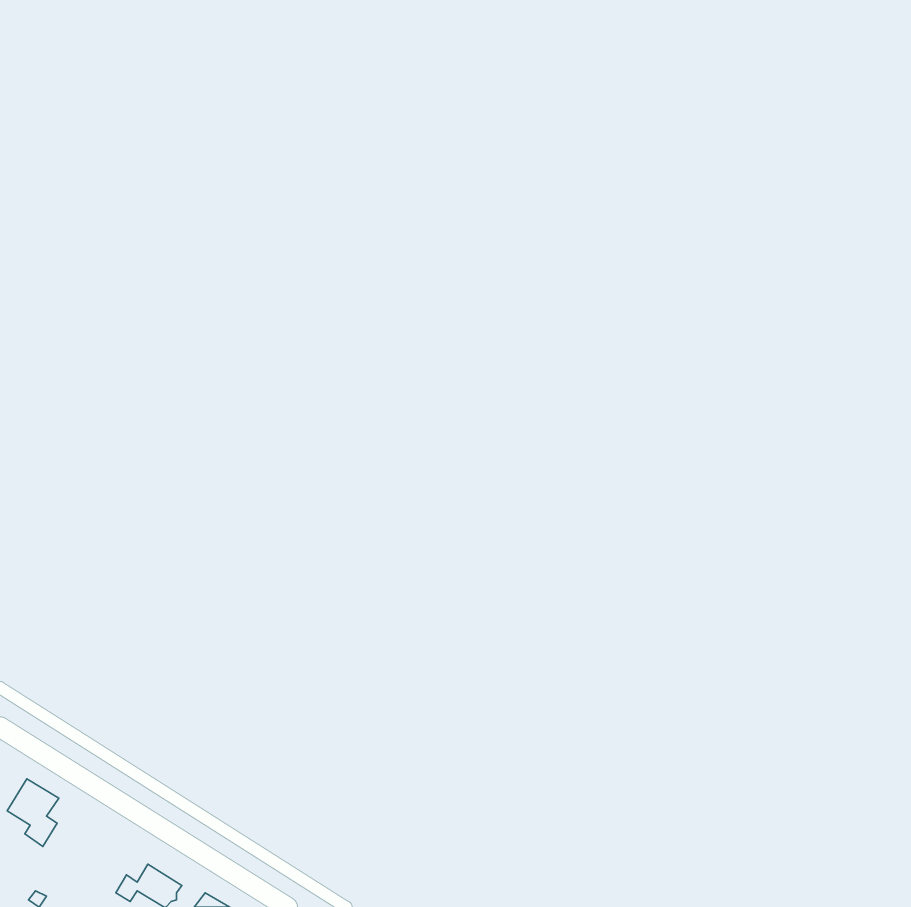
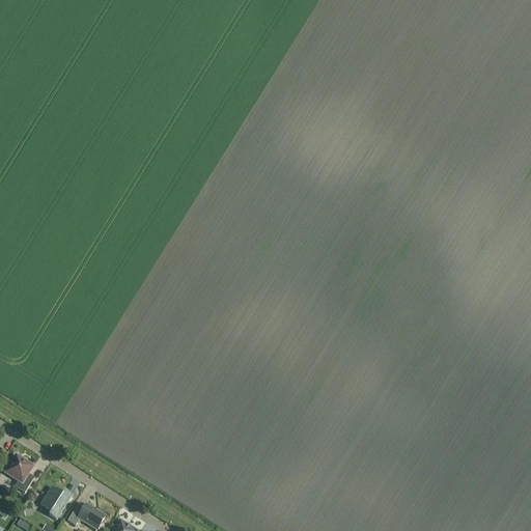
building: none -> [40,486,73,520]

